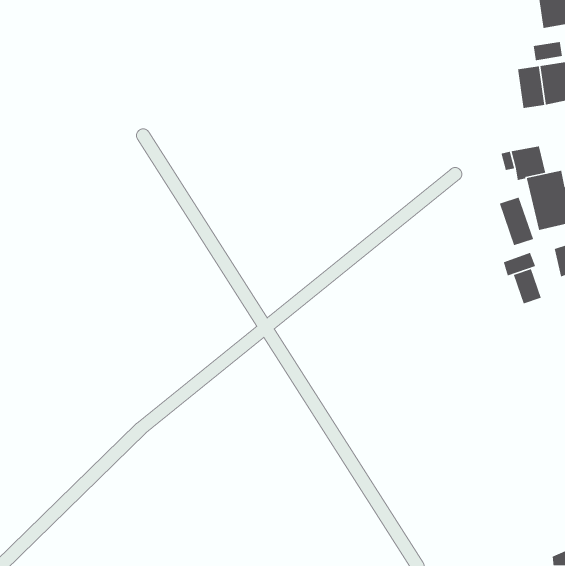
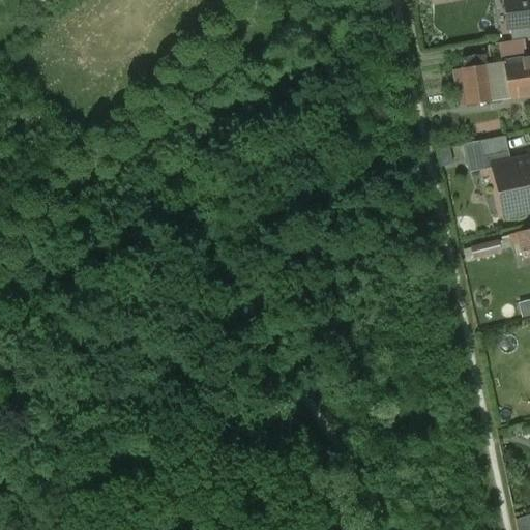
building: none -> [464,64,490,105]
building: [499,196,534,246] -> none
building: [513,268,542,305] -> none

